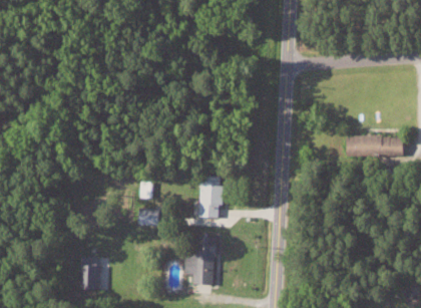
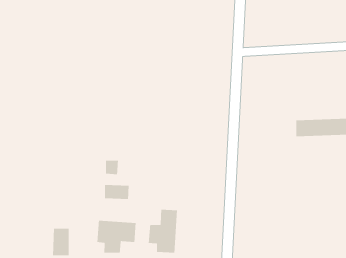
building: [200,177,222,219] -> none
building: none -> [97,220,137,254]

